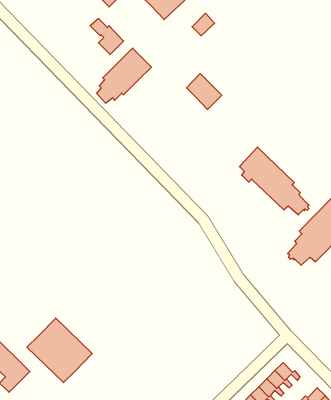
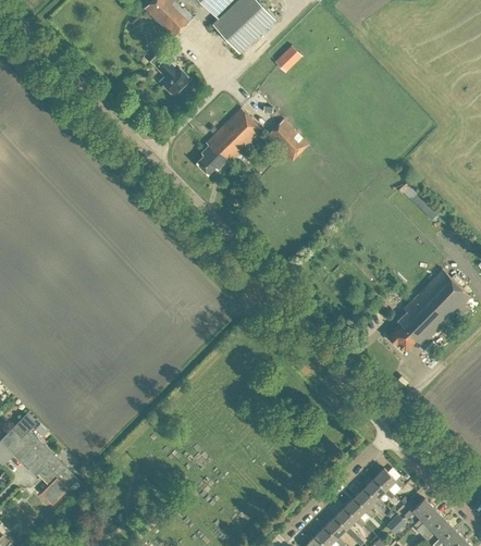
building: [97,48,151,103] -> [197,109,263,175]
building: [239,147,309,215] -> none
building: [27,318,92,383] -> none

